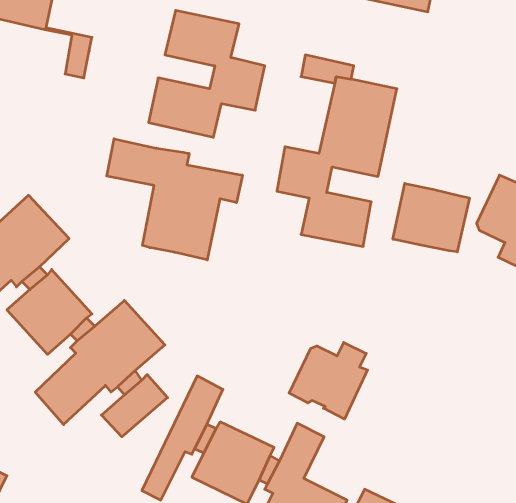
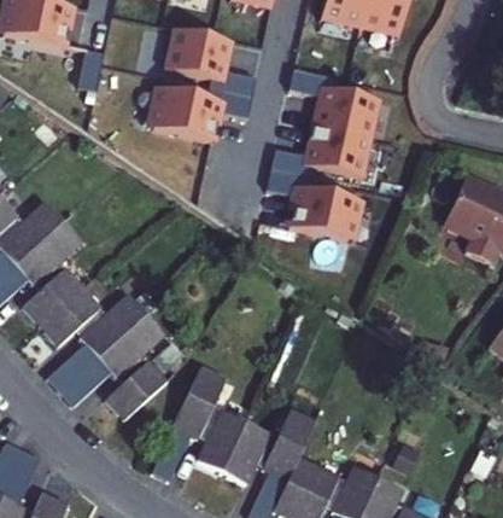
building: [107,139,242,260] -> none
building: [393,183,469,252] -> none
building: [289,342,368,419] -> none

